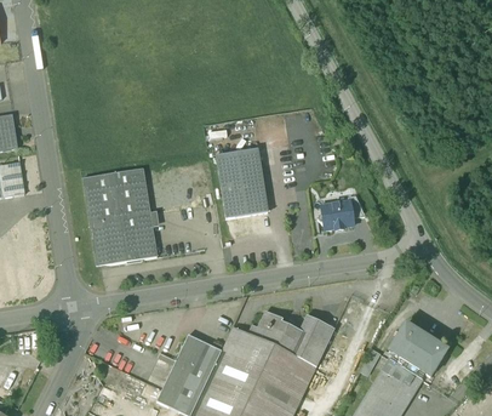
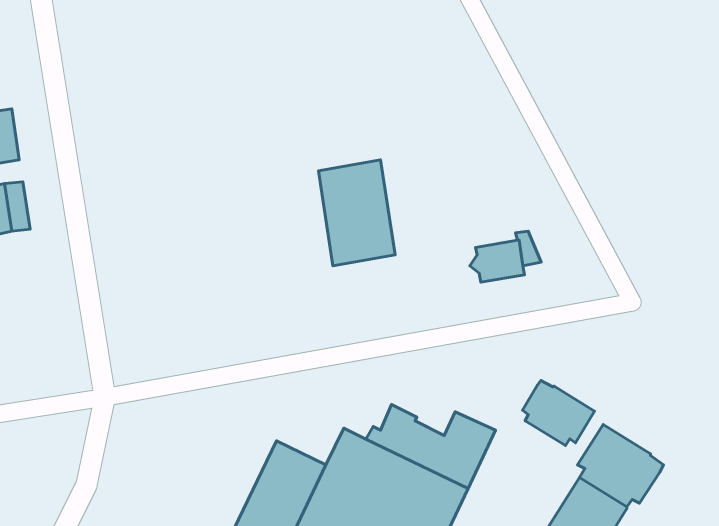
building: [81,169,156,263] -> none
building: none -> [523,380,594,446]

